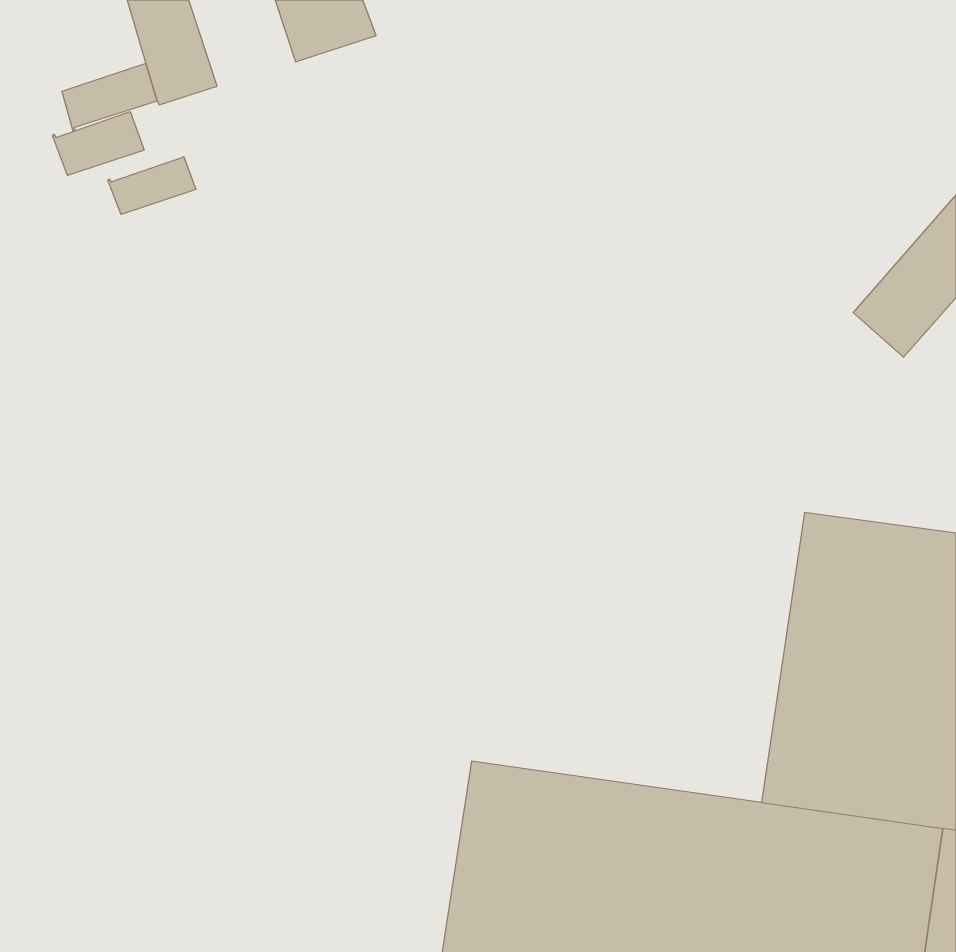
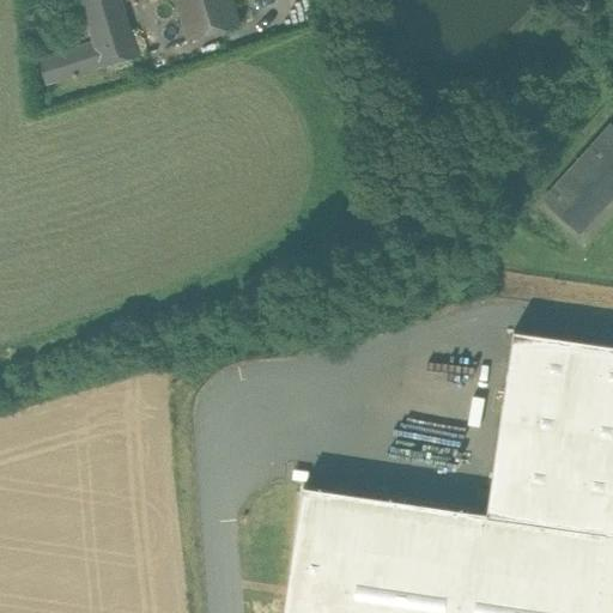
building: [53,112,144,176] -> none
building: [108,157,196,214] -> none

